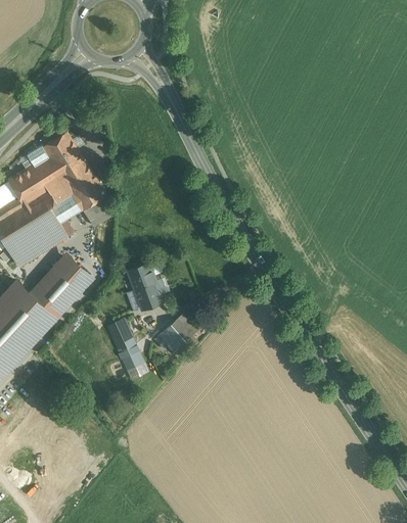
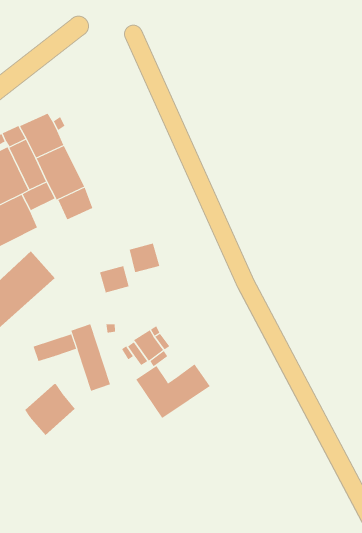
building: [134,282,164,311] -> [129,243,160,273]
building: none -> [33,334,77,362]
building: none -> [135,363,211,419]
building: none -> [24,383,76,436]

